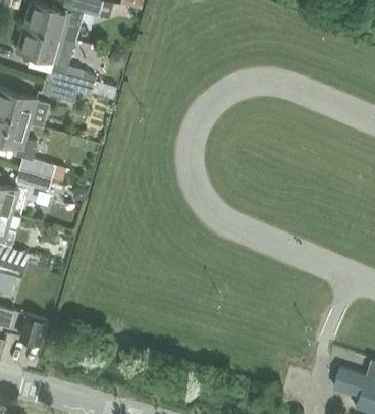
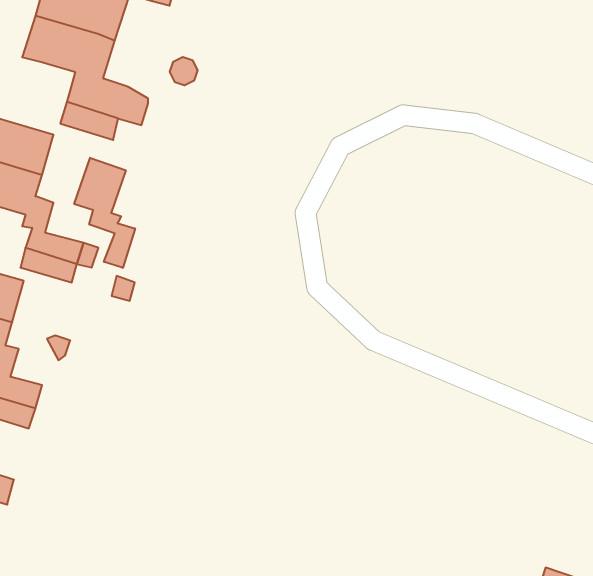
building: none -> [74,158,135,268]
building: [19,316,46,345] -> none

